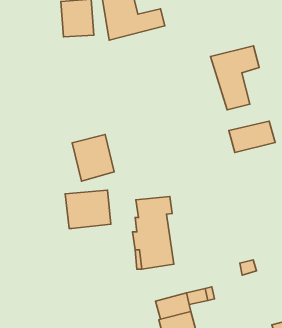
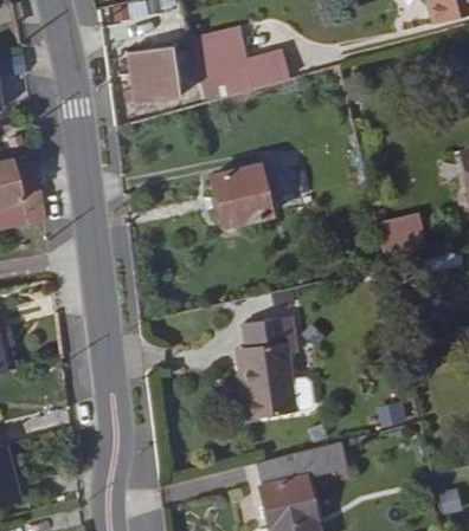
building: [210,46,259,110] -> none
building: [72,135,114,181] -> [216,155,275,220]
building: [65,190,111,229] -> none

